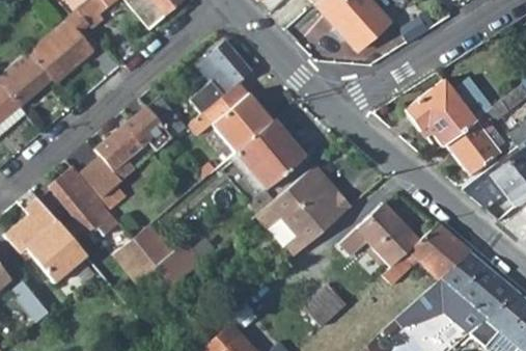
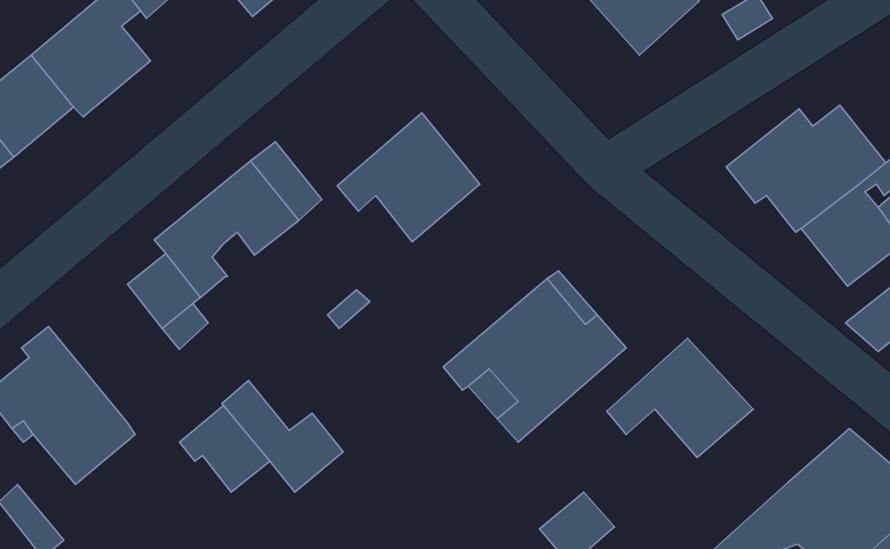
building: [198,42,252,107] -> none
building: [236,118,305,189] -> none
building: [52,168,105,231] -> none
building: [380,223,471,286] -> none

